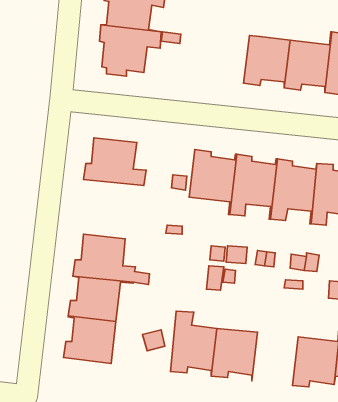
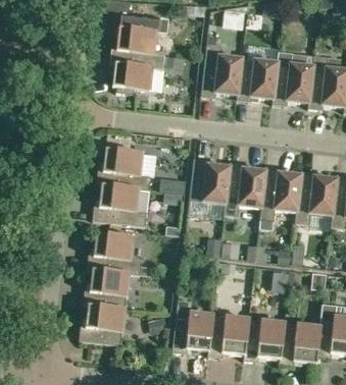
building: none -> [201,42,242,99]
building: none -> [92,183,149,225]
building: none -> [244,317,285,364]

